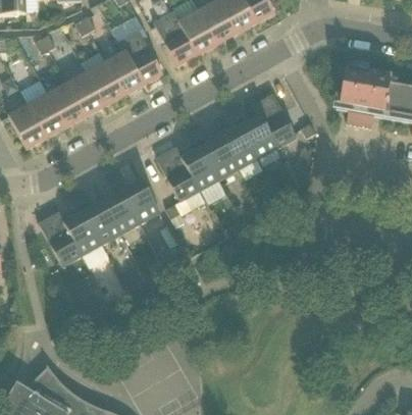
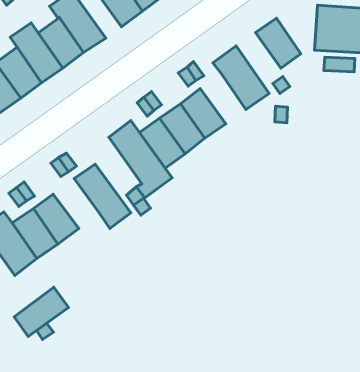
building: [239,115,275,158] -> [255,18,301,68]
building: [103,190,141,232] -> none
building: none -> [14,287,69,337]

